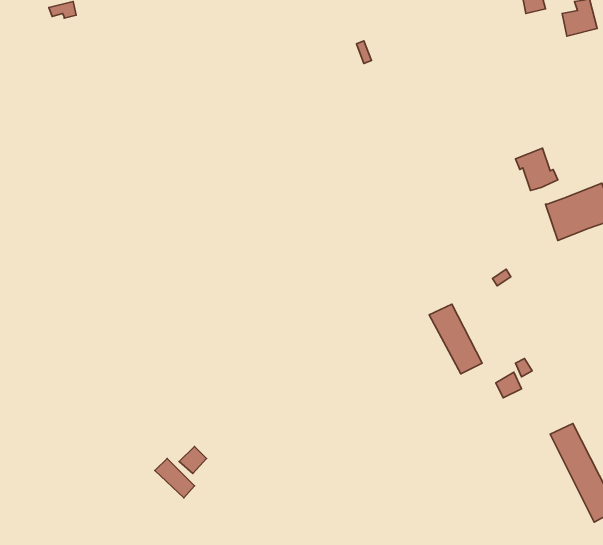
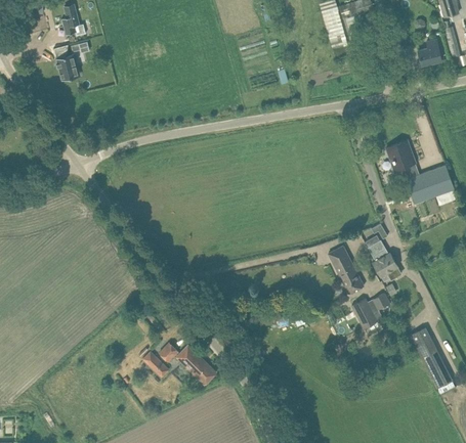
building: none -> [55,53,79,80]
building: none -> [366,234,397,280]
building: none -> [351,298,377,327]
building: none -> [176,344,216,384]

